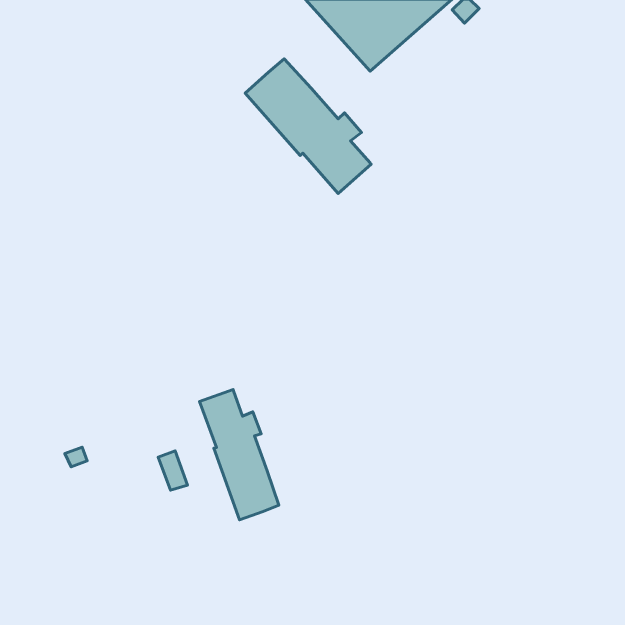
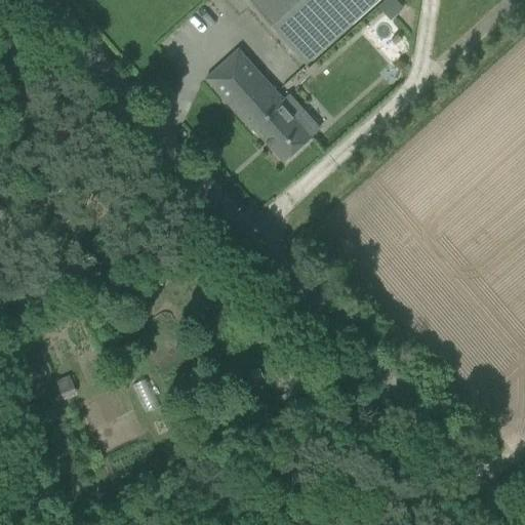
building: [200,389,279,520] -> none

